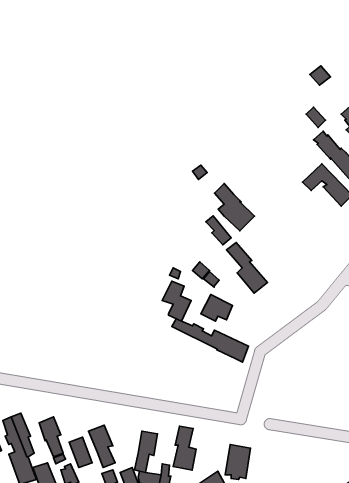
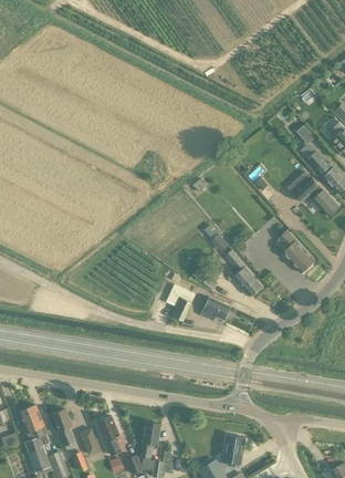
building: [214,184,254,231] -> [278,229,314,272]
building: [172,319,248,362] -> none
building: [173,426,196,470] -> none

